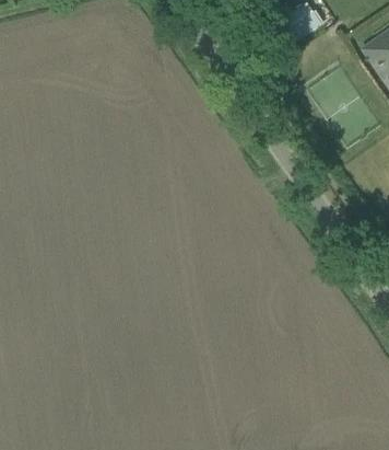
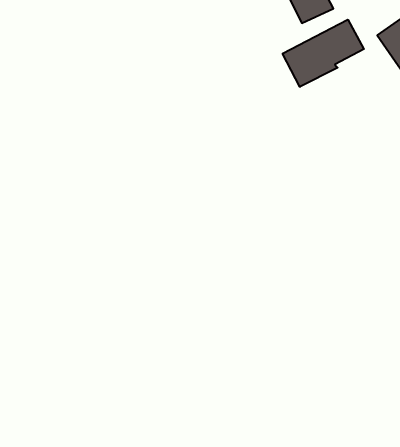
building: none -> [283,20,364,87]

